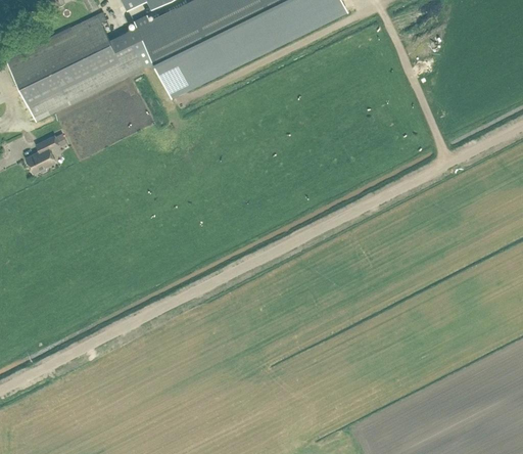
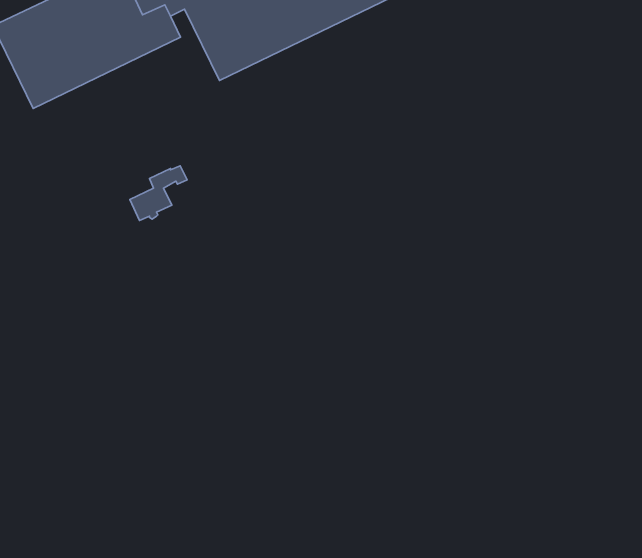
building: [26,133,67,173] -> [130,166,187,220]

